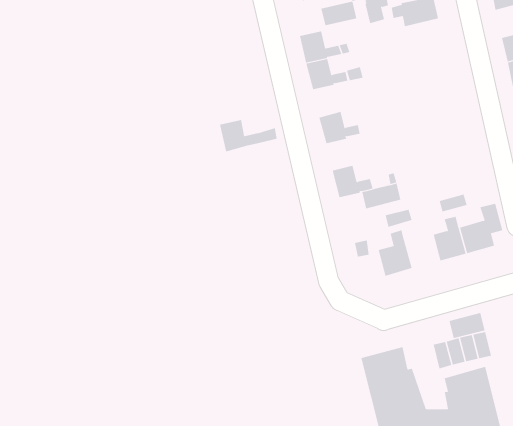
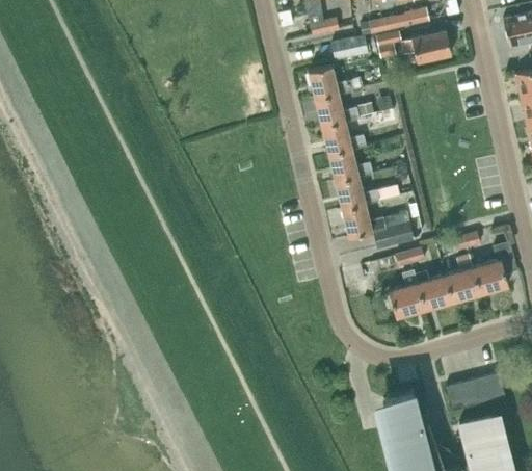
building: [219,119,277,152] -> [322,121,381,154]
building: none -> [336,176,394,208]
building: none -> [415,270,452,308]
building: [449,312,485,339] -> none

